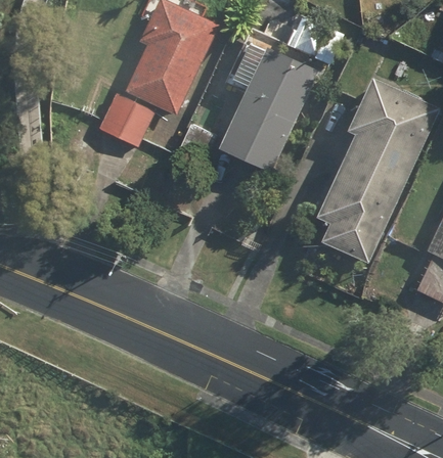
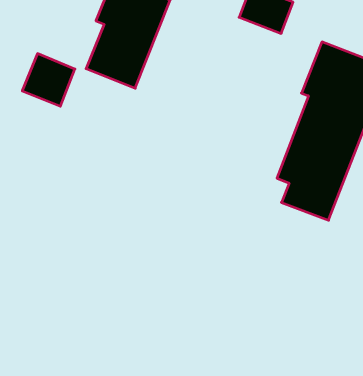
building: [220,46,317,171] -> none
building: [103,91,160,147] -> [22,54,75,106]

